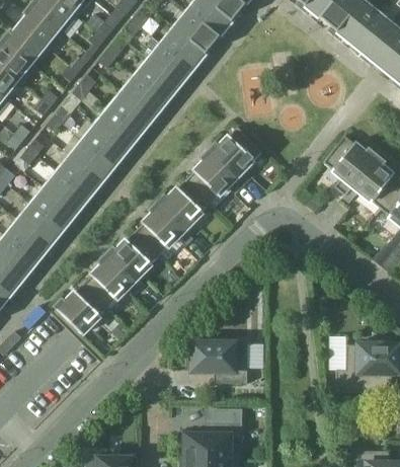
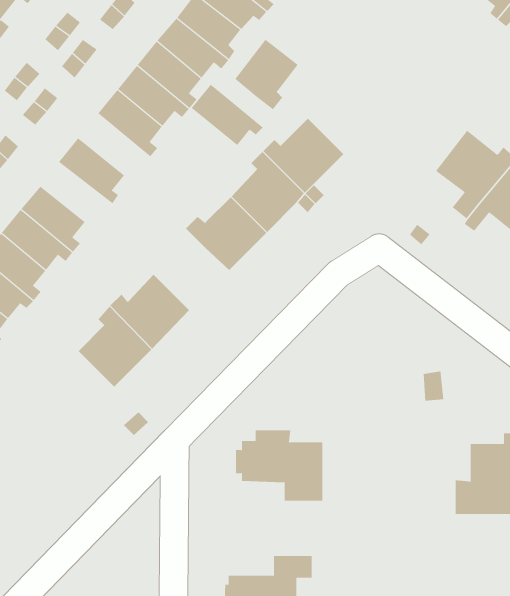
building: none -> [234,39,299,110]
building: [83,123,132,164] -> [191,84,263,146]
building: [58,155,106,196] -> none
building: [134,200,184,254] -> none
building: [53,282,107,332] -> none

